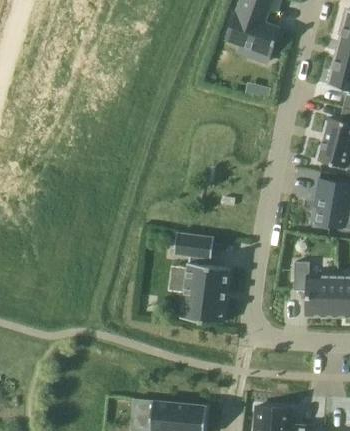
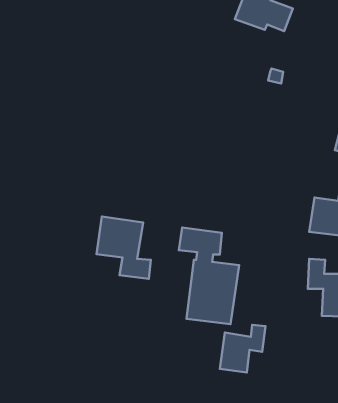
building: none -> [97,217,151,279]
building: none -> [220,325,266,372]

